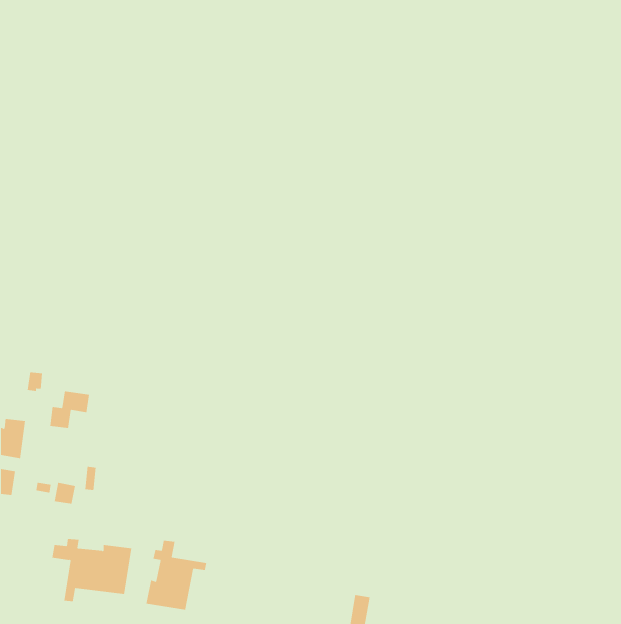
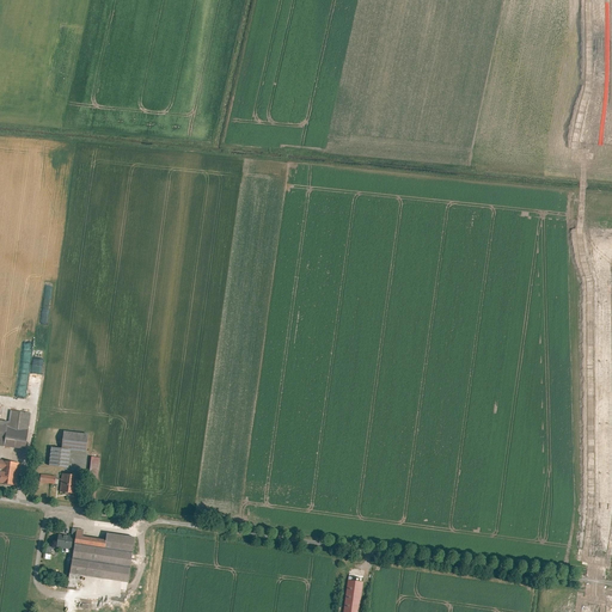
building: [49,391,90,429] -> [47,430,86,467]
building: [146,540,207,611] -> none

